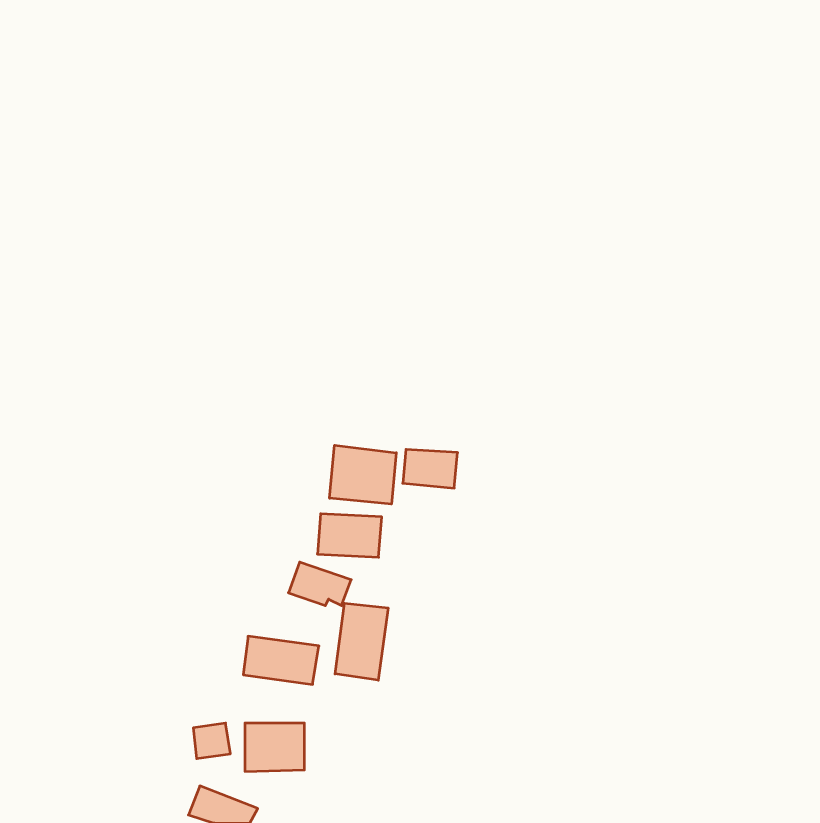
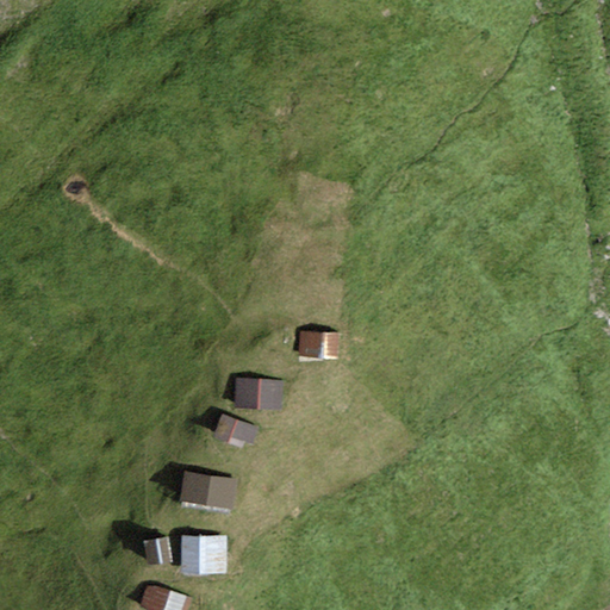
building: [330,445,396,504] -> none
building: [335,603,388,680] -> none

